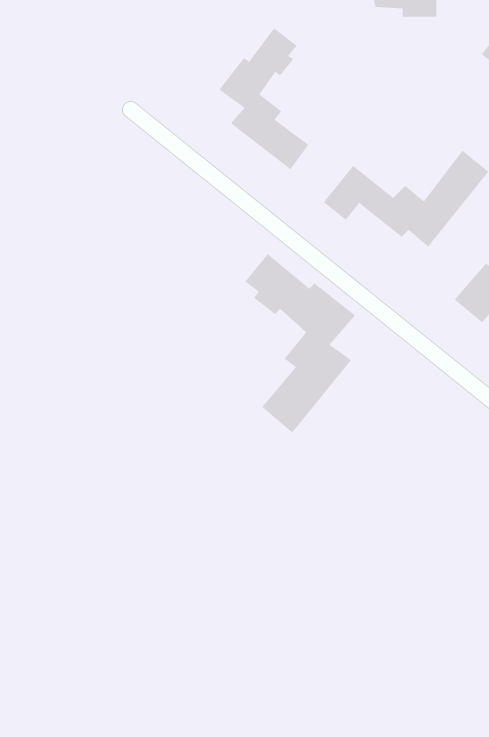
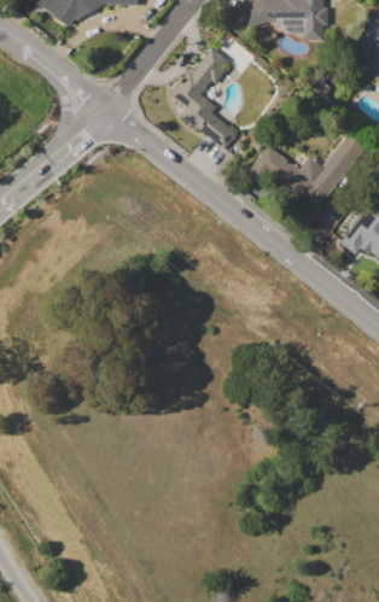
building: [245,253,356,434] -> none

